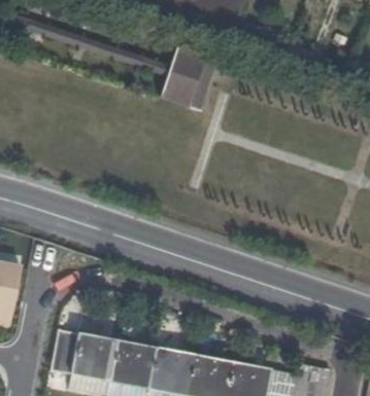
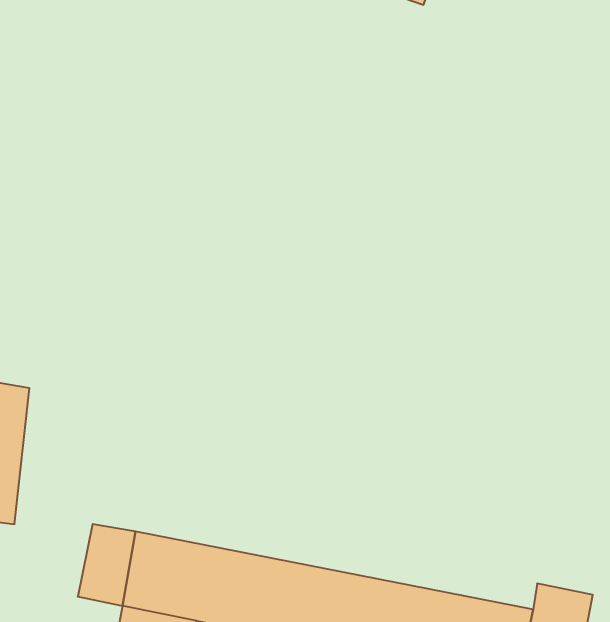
building: [158,53,215,113] -> none

